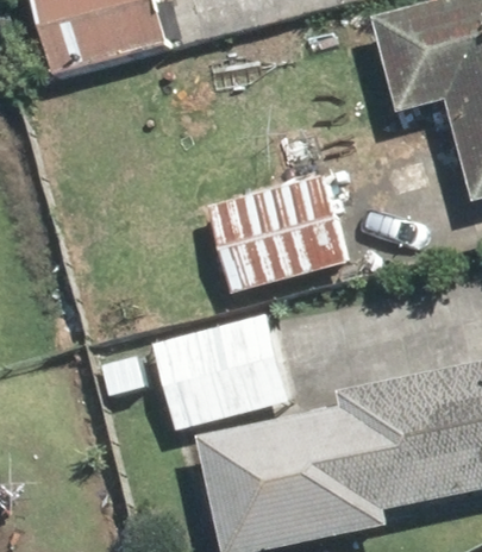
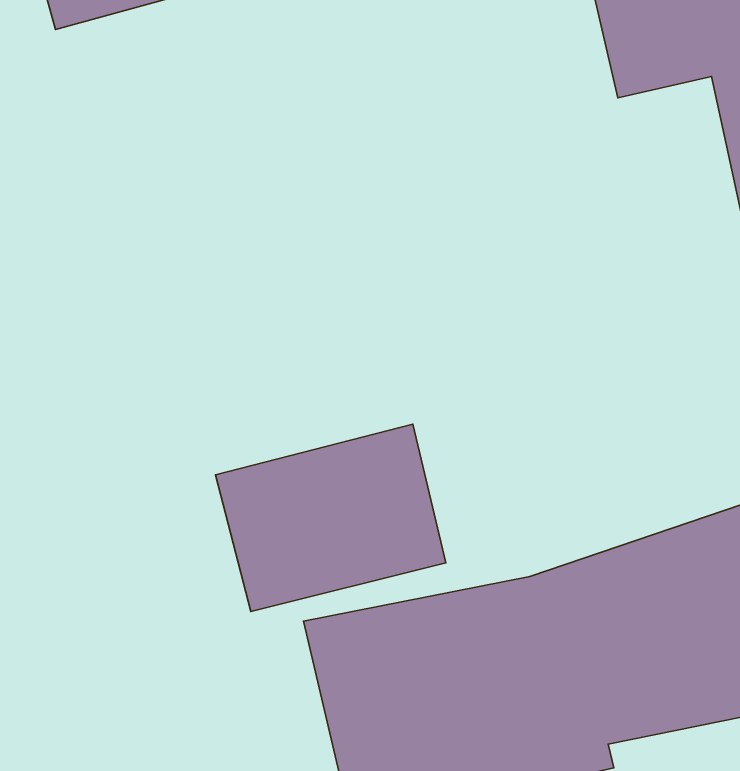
building: [204,178,346,293] -> none

